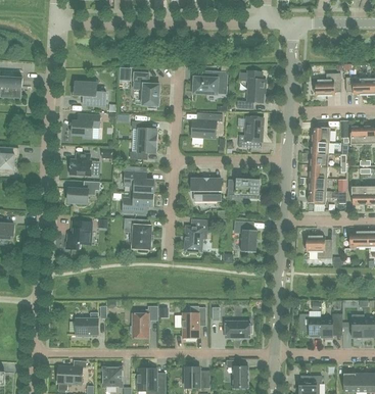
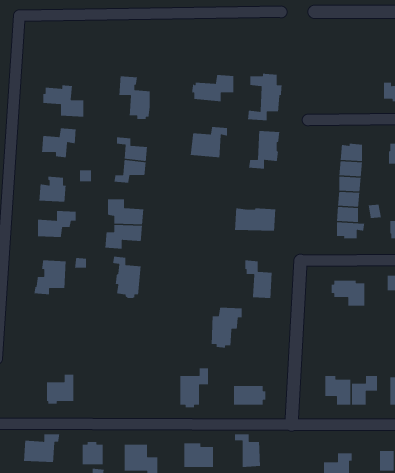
building: [313,72,340,94] -> none
building: [190,177,221,199] -> none
building: [184,218,209,252] -> [211,307,242,349]
building: [130,305,157,337] -> none

